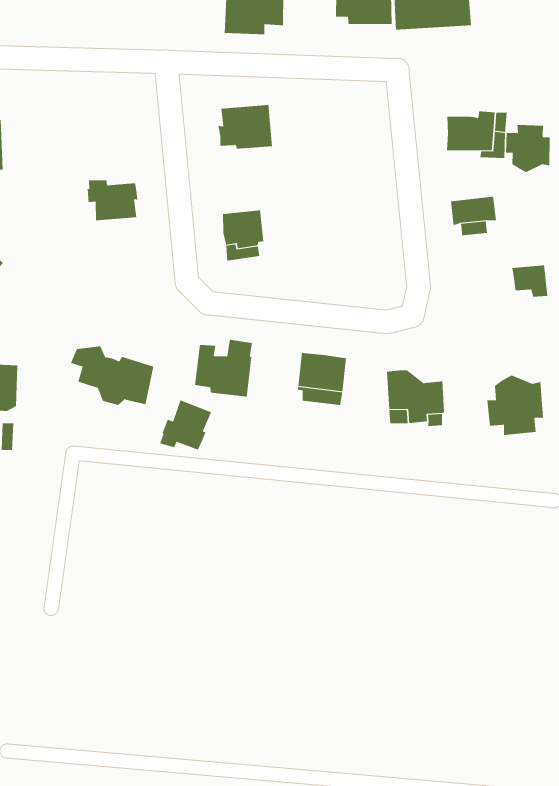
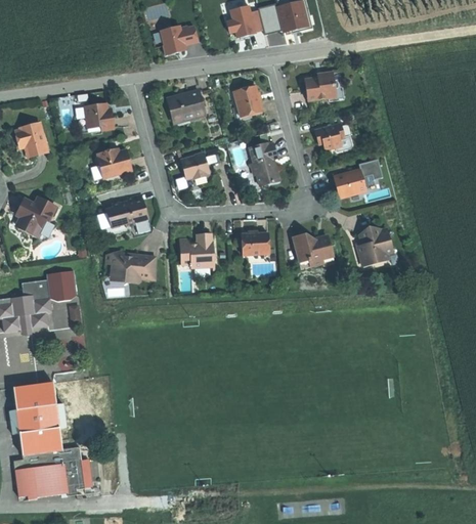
building: none -> [84,102,114,129]
building: none -> [233,86,261,122]
building: [505,124,550,173] -> none
building: none -> [249,141,278,185]
building: none -> [105,193,147,227]
building: none -> [333,170,364,198]
building: [159,399,212,451] -> none

